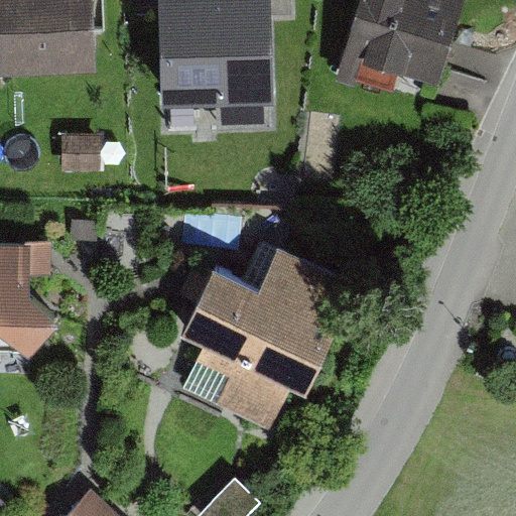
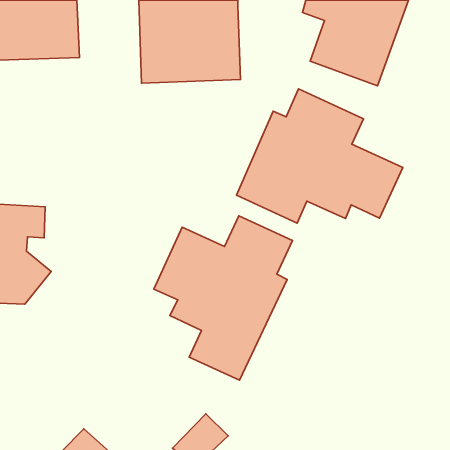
building: none -> [236,89,403,223]

